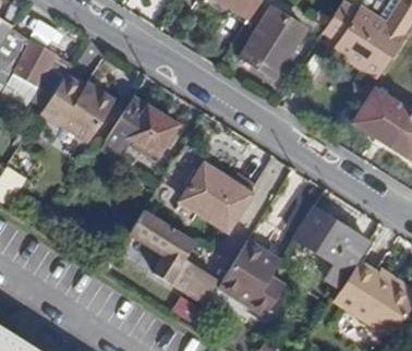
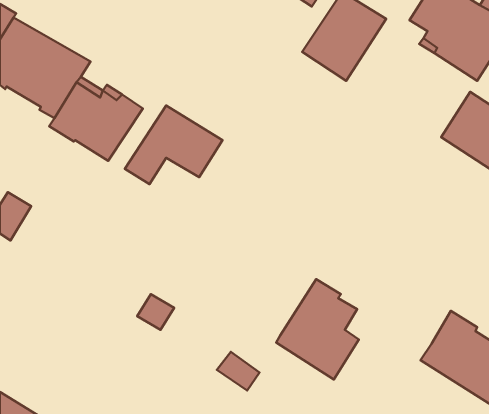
building: [181,165,251,231] -> none
building: [133,208,222,306] -> none
building: [295,209,368,287] -> none

